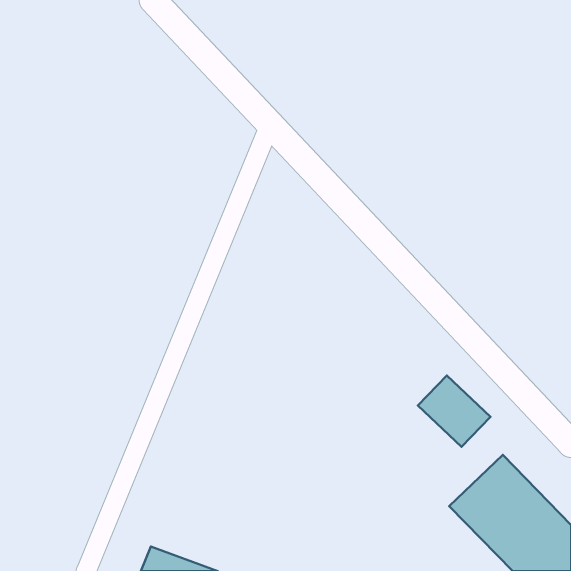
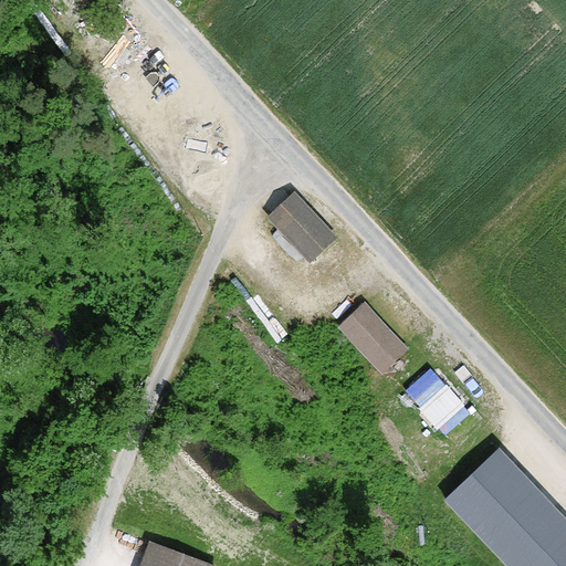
building: none -> [270,195,334,259]
building: none -> [340,303,408,373]

